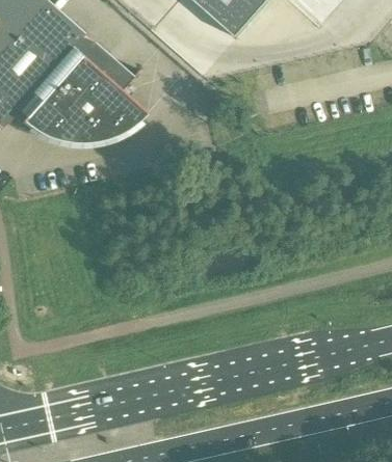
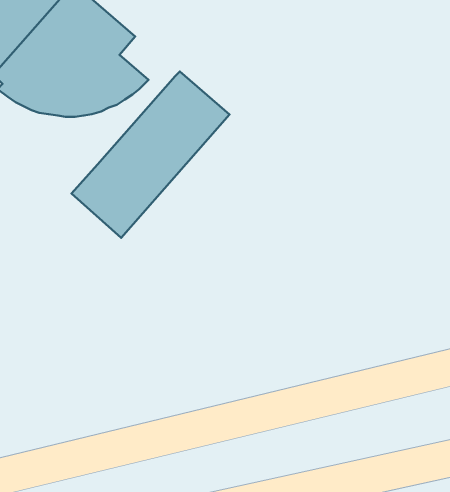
building: none -> [71,71,229,238]

